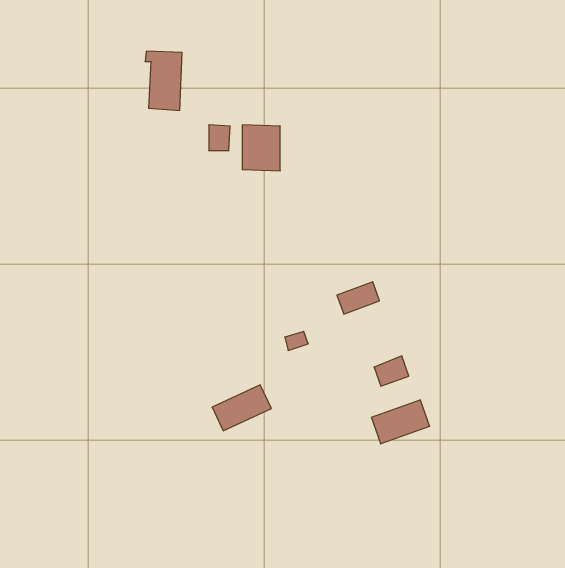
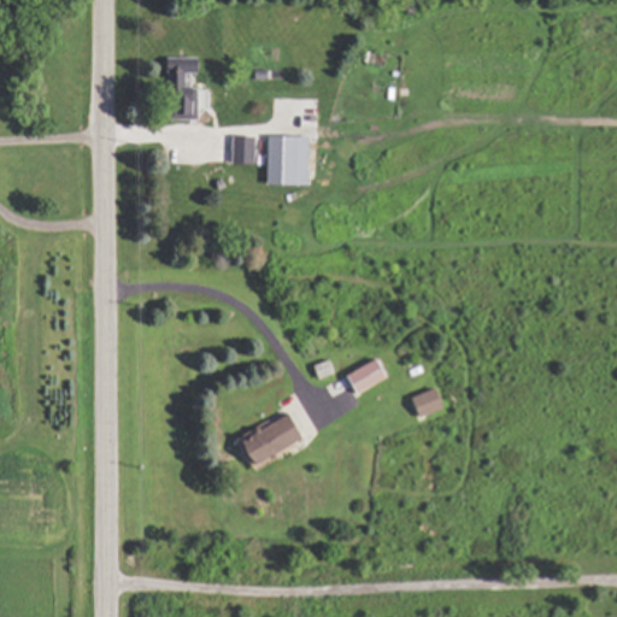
building: [337,282,379,314] -> [345,357,390,392]
building: [371,400,429,444] -> none

